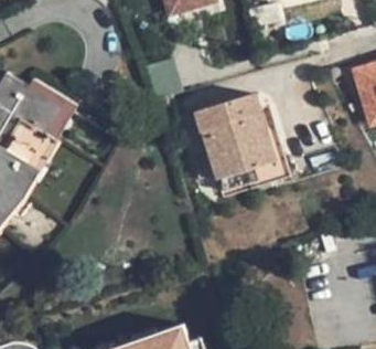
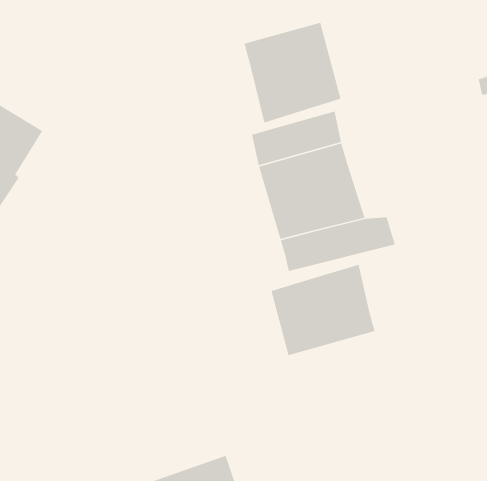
building: none -> [243,22,341,123]
building: none -> [270,264,376,356]

